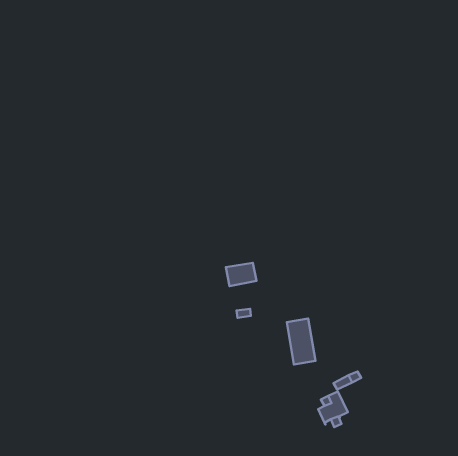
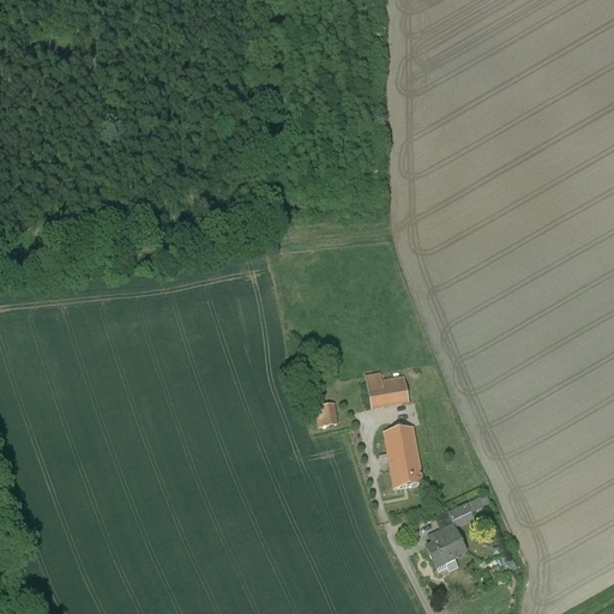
building: [226,263,256,286] -> [367,375,408,407]

